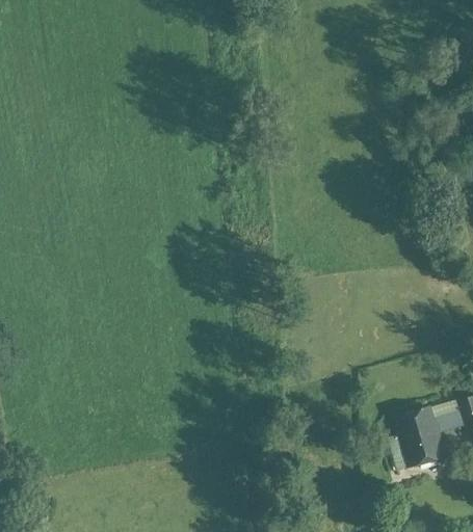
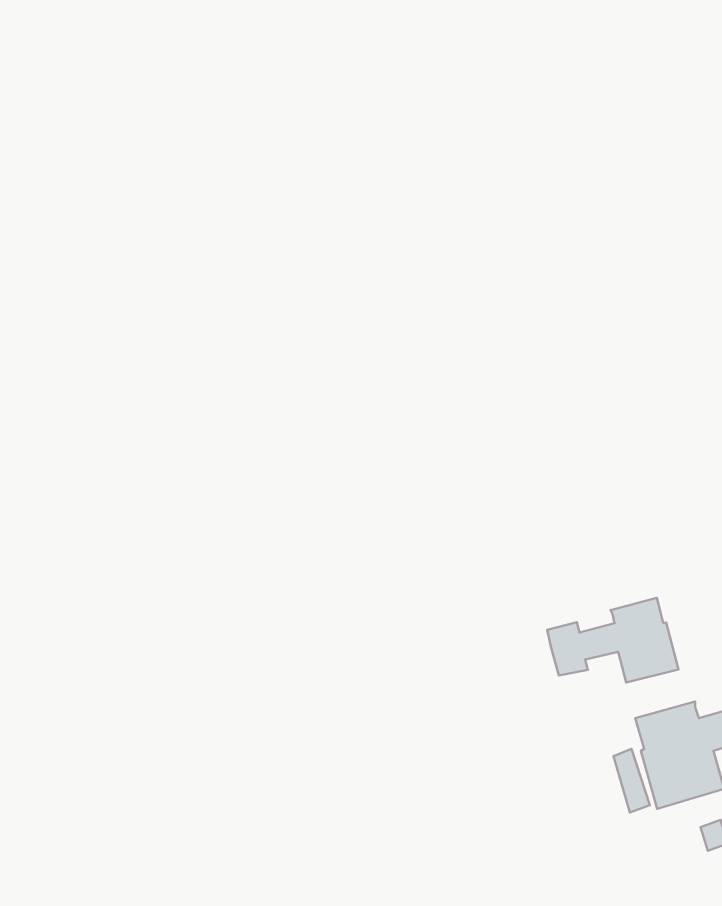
building: none -> [547,598,679,683]

